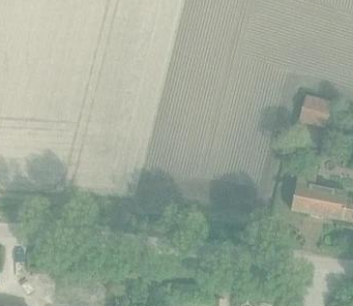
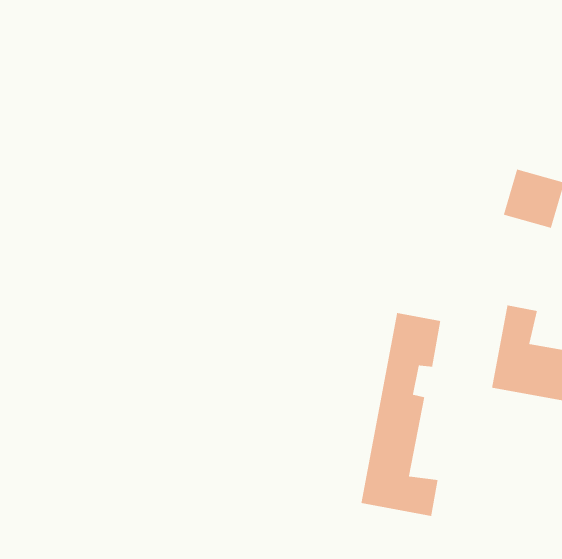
building: none -> [361,312,441,517]

